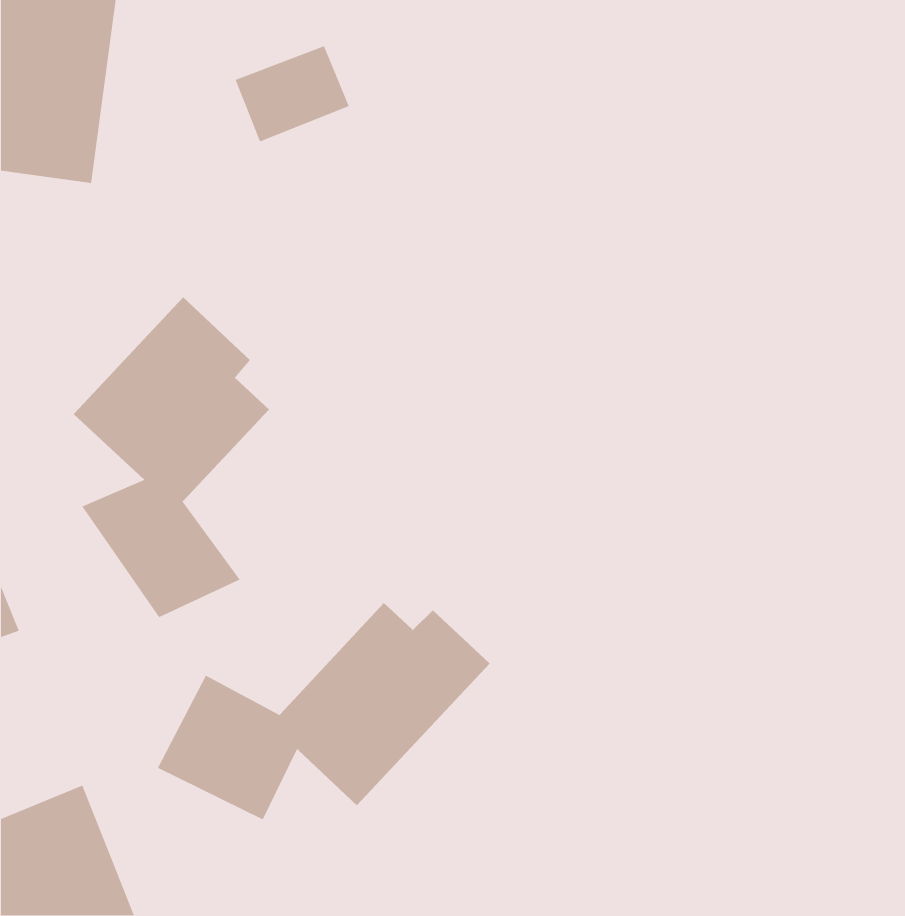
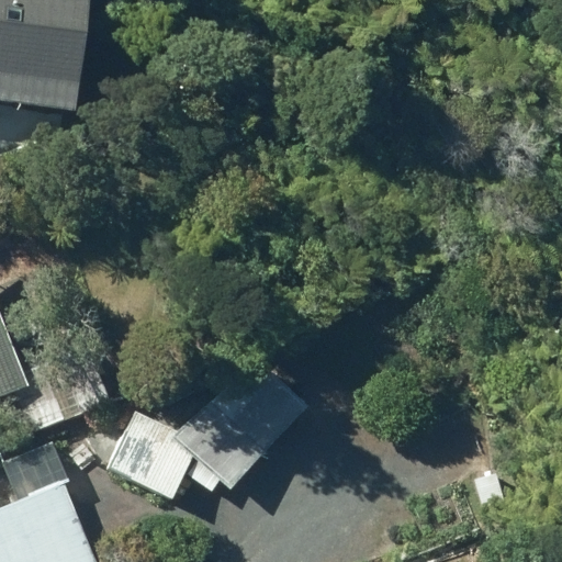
building: [73,297,270,618] -> none

